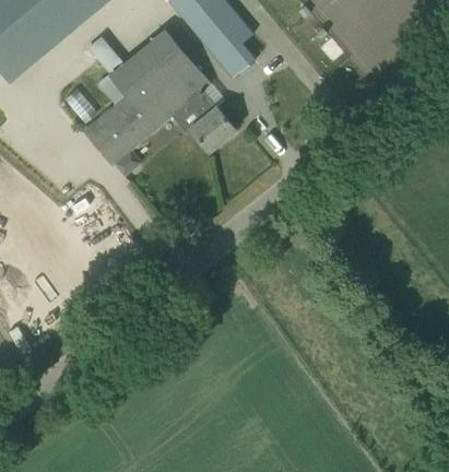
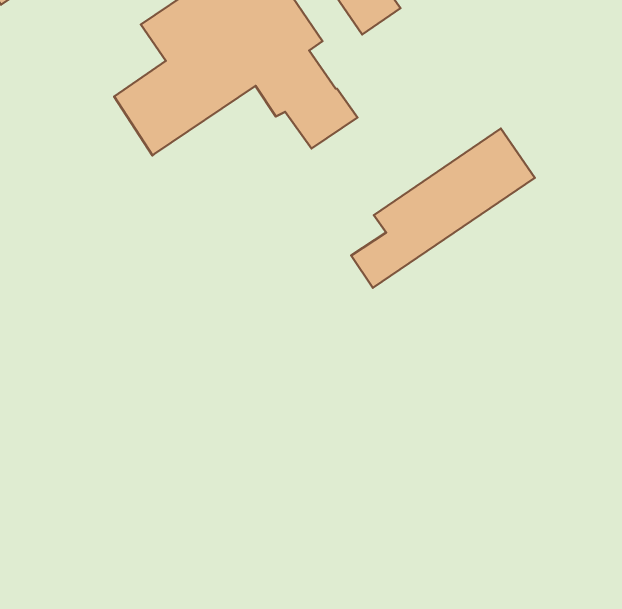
building: none -> [351,129,535,288]

